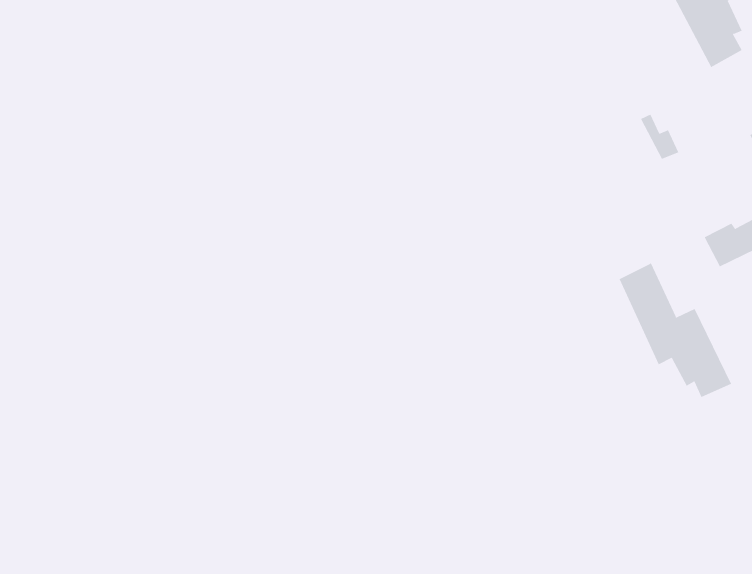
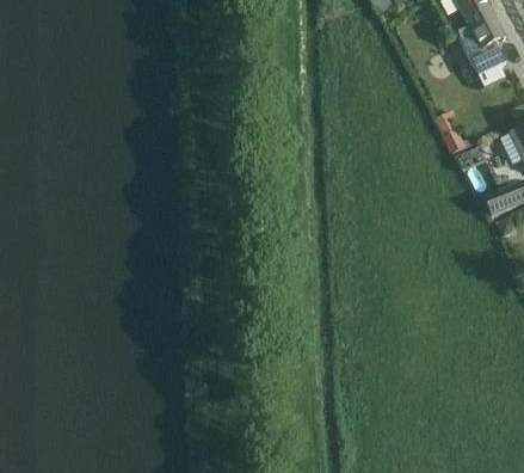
building: [619,262,732,398] -> none

